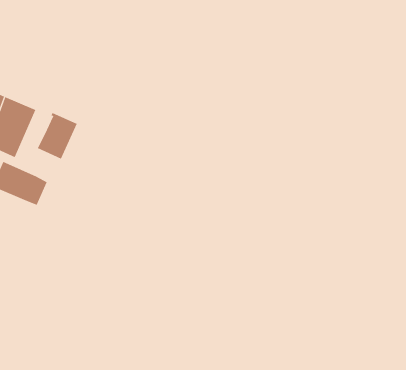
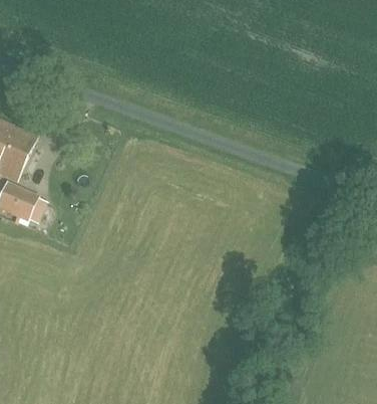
building: [37,112,77,160] -> none

